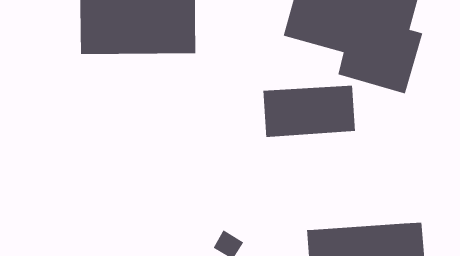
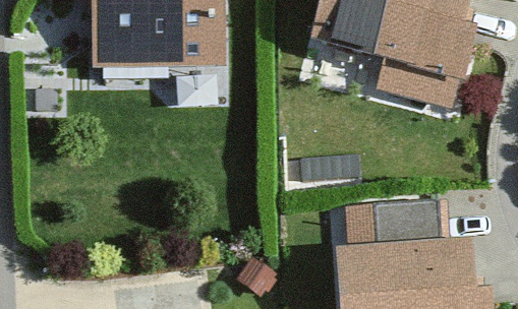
building: [263,85,356,138] -> [347,201,450,259]

